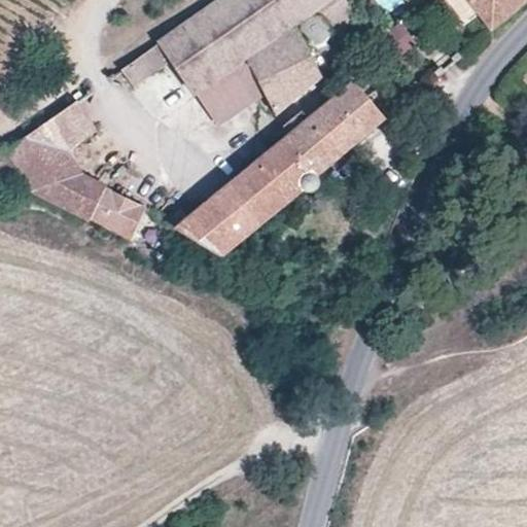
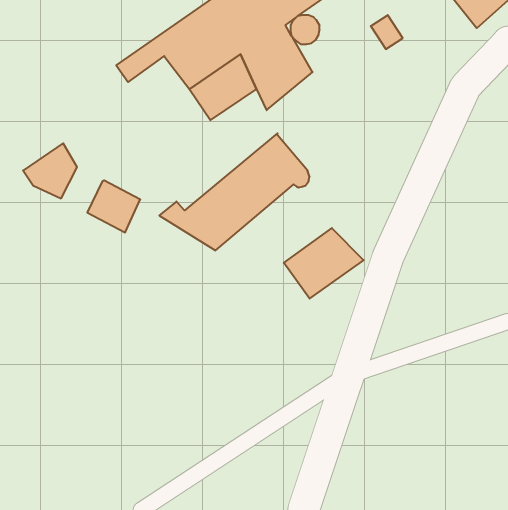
building: [285,82,383,175] -> none
building: [5,99,95,175] -> none
building: [63,172,107,218] -> none
building: none -> [284,228,364,299]

